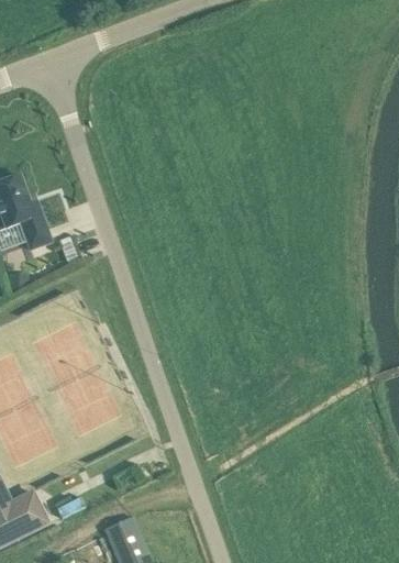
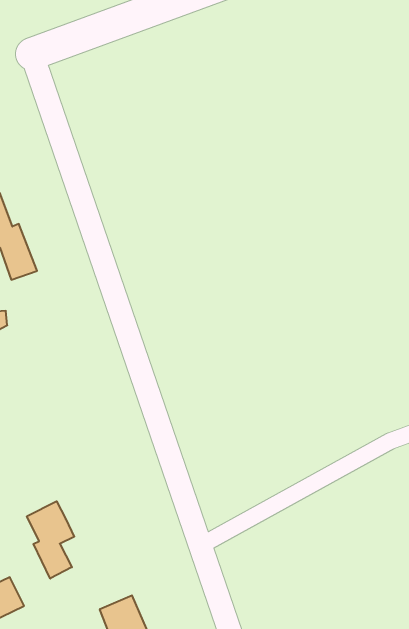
building: none -> [27,501,74,579]

